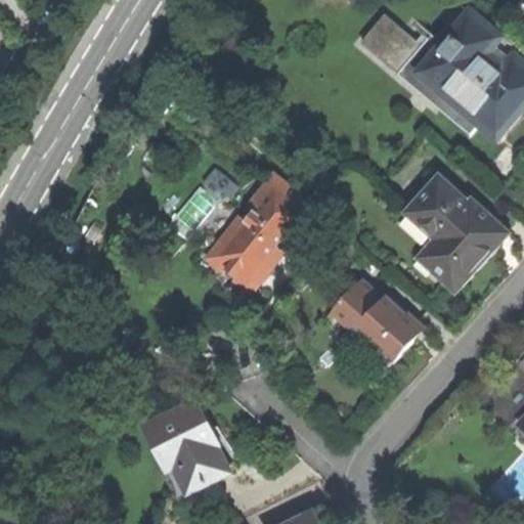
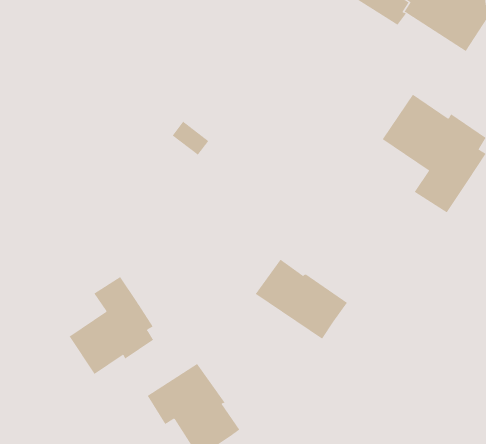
building: [207,174,312,287] -> none
building: [331,279,418,361] -> [255,259,348,340]
building: none -> [69,276,154,375]

